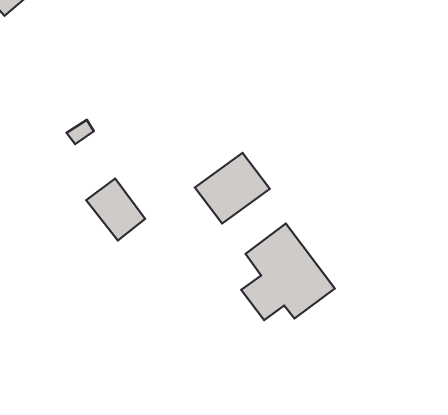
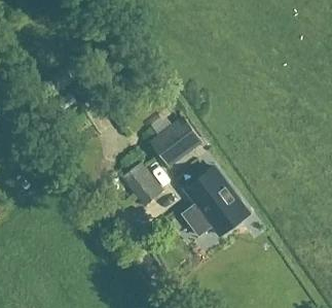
building: [86,179,145,241] -> [119,161,161,205]

